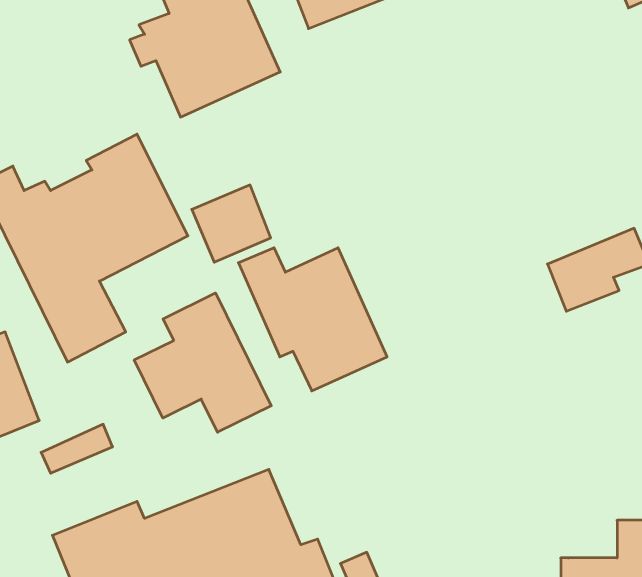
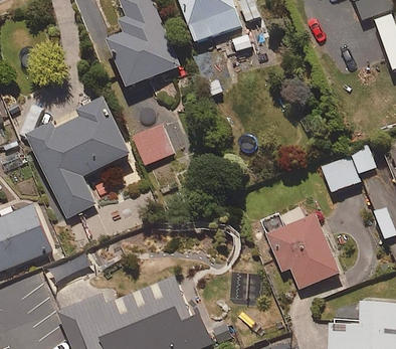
building: [238,248,387,391] -> [259,213,339,290]
building: [134,293,271,432] -> none

